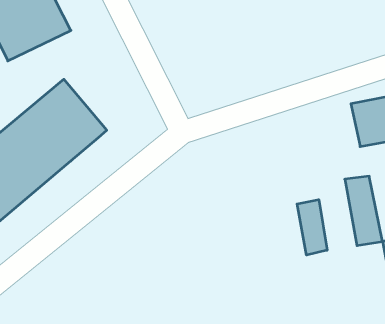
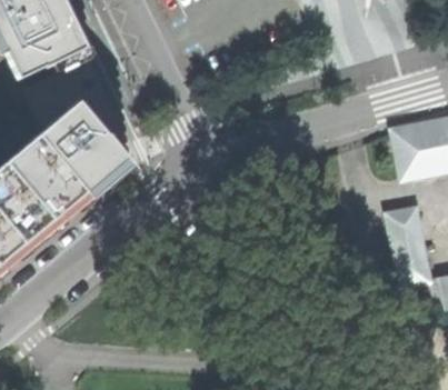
building: [297,200,327,255] -> none

